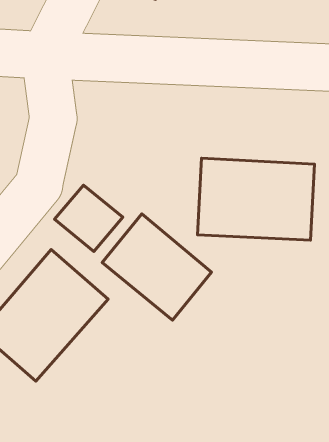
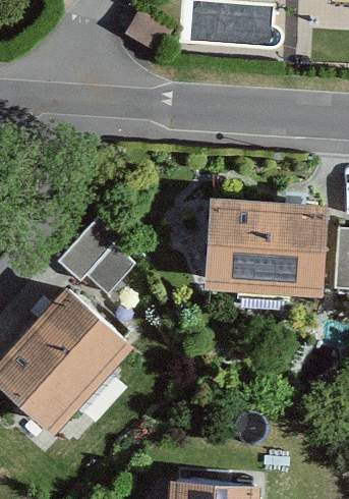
building: [102,214,212,320] -> none

